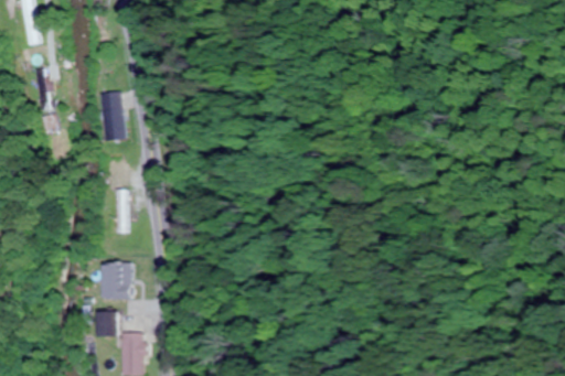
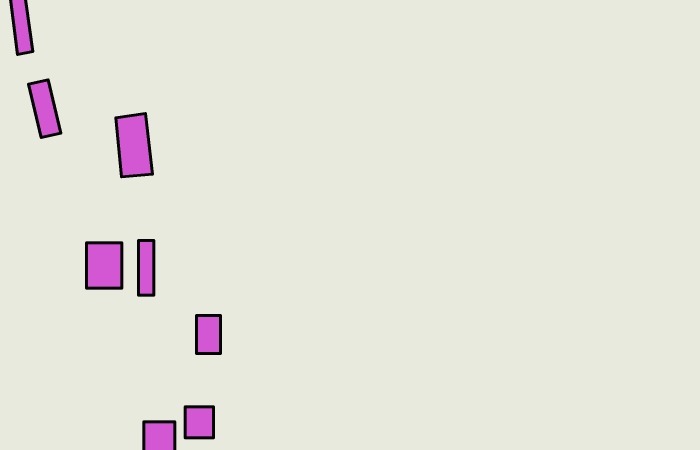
building: none -> [86,243,122,288]
building: [103,269,121,299] -> [197,315,221,353]
building: [96,312,118,336] -> [185,407,213,438]

